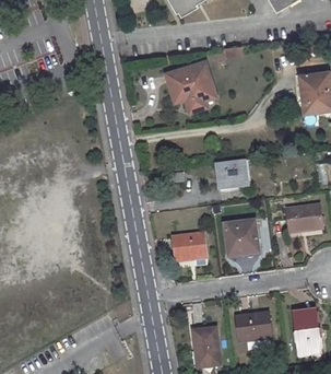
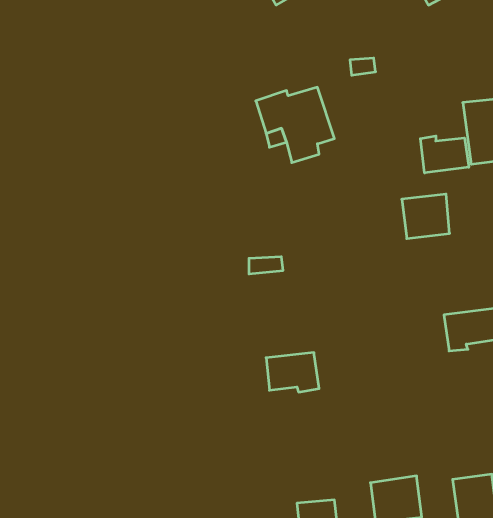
building: none -> [420,136,469,173]
building: [216,161,247,189] -> [402,194,450,239]
building: [224,222,259,257] -> none

